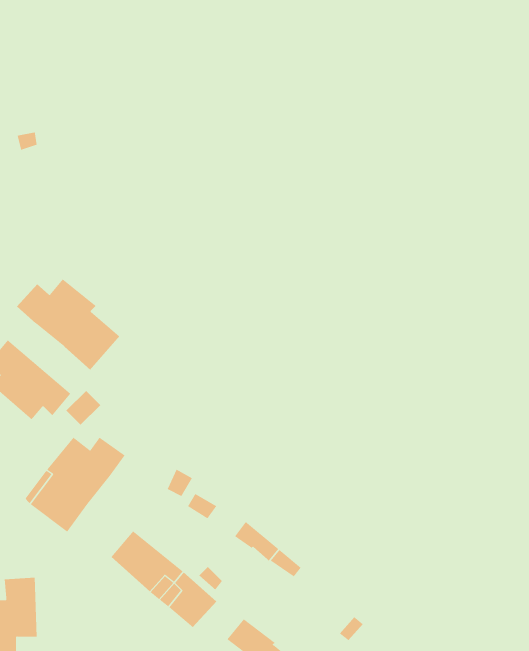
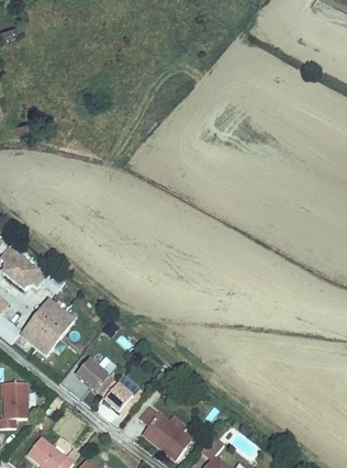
building: [16,279,120,370] -> none

